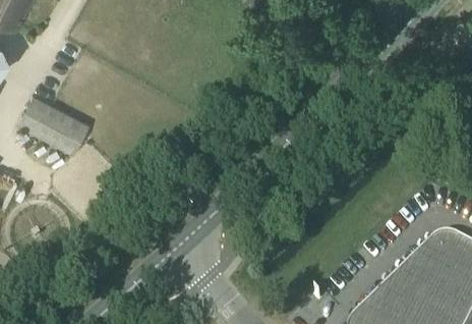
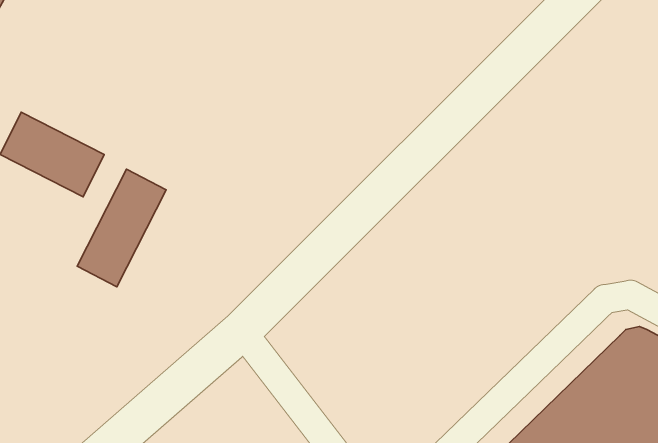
building: none -> [77,169,166,287]

